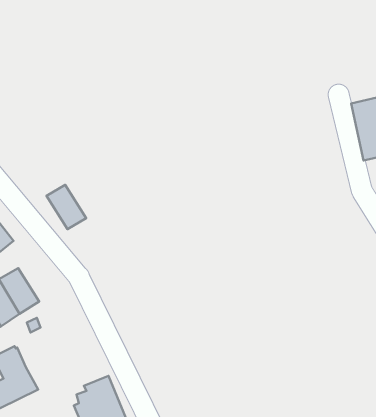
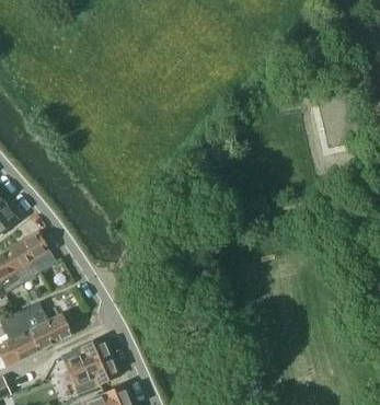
building: [47,185,86,229] -> [23,233,58,273]
building: none -> [22,304,72,350]

